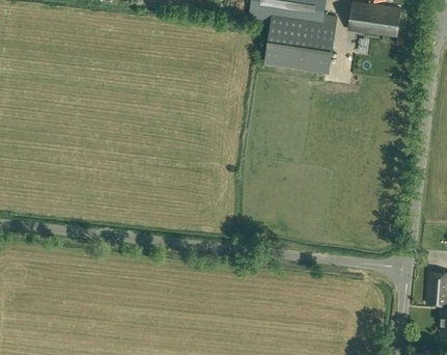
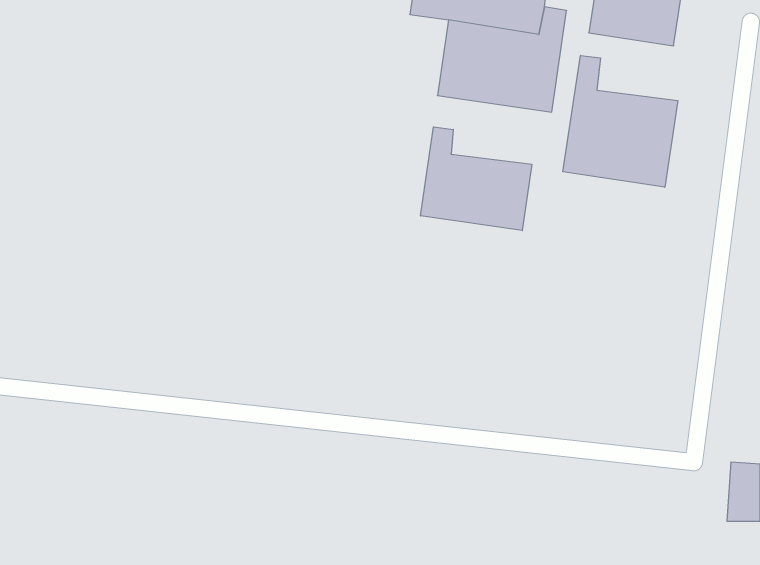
building: none -> [563,55,678,187]
building: none -> [421,127,532,231]

